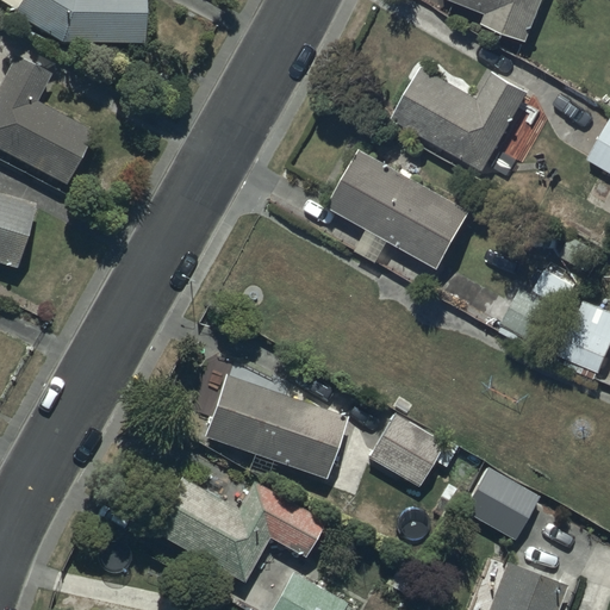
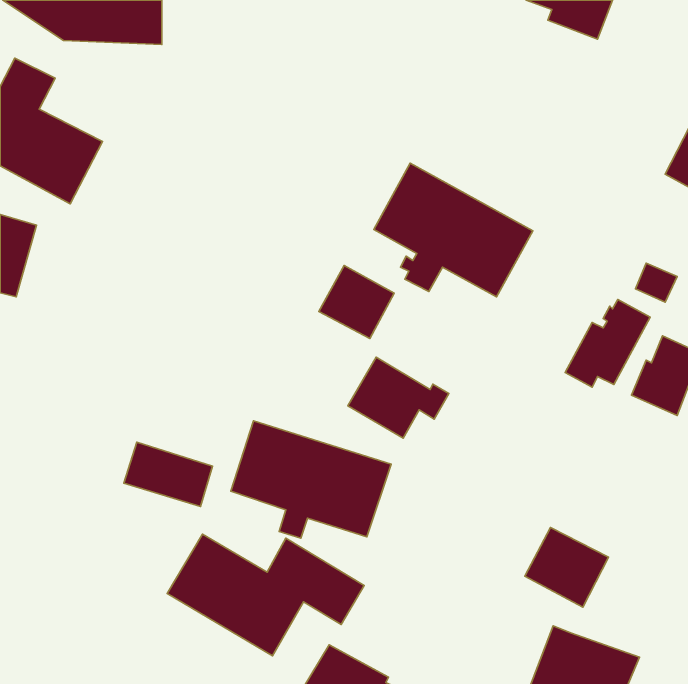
building: [393,67,530,169] -> none
building: none -> [319,265,394,338]
building: none -> [124,442,212,506]
building: [368,415,458,486] -> [348,357,449,438]

